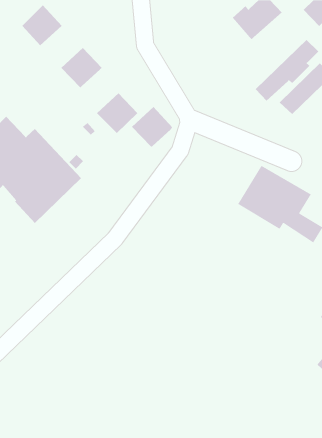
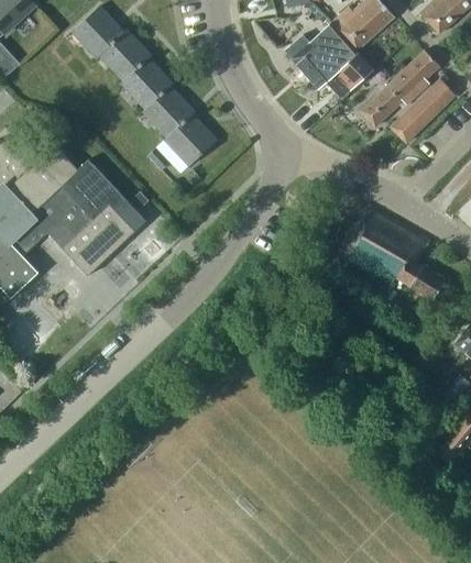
building: none -> [285,23,374,98]
building: none -> [96,30,151,85]
building: [131,106,173,150] -> [143,87,195,141]

